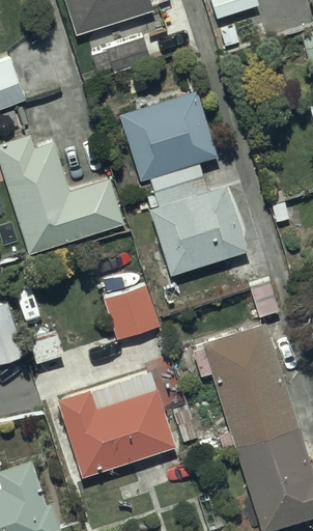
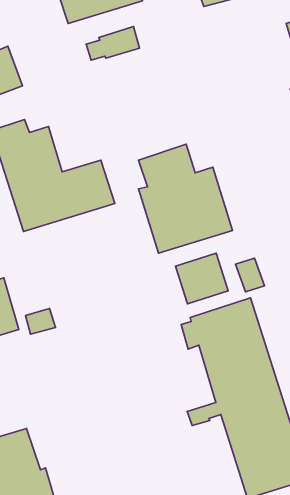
building: [119,90,218,181] -> none
building: [106,285,161,338] -> [176,253,228,304]
building: [58,390,175,477] -> none

